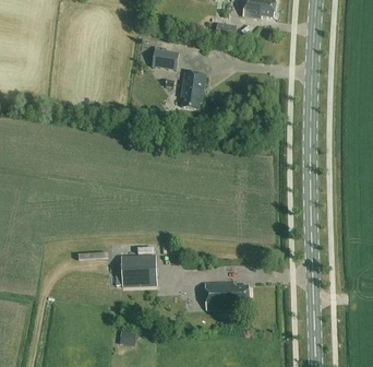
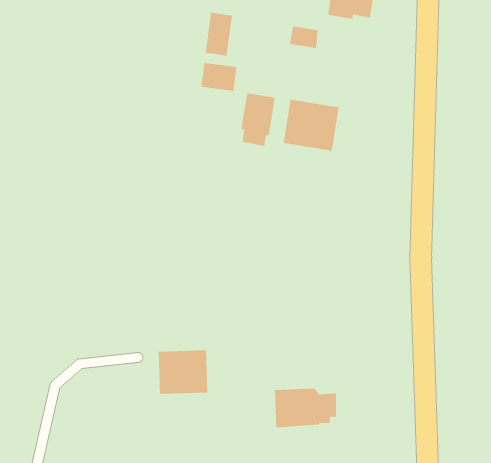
building: none -> [205,12,233,56]
building: none -> [283,99,339,151]

